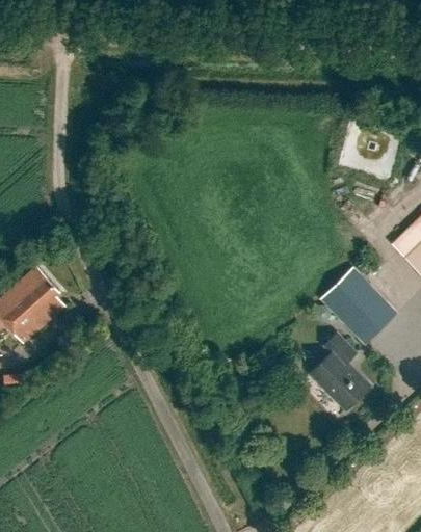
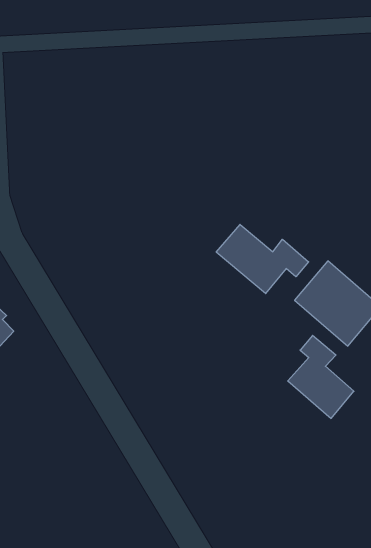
building: none -> [216,224,309,294]

